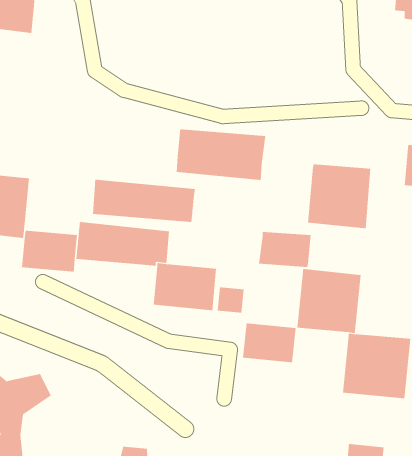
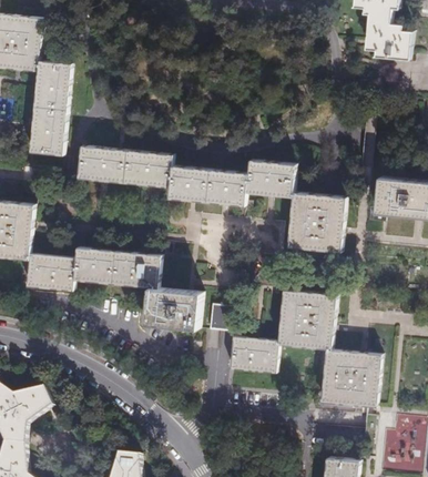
building: none -> [28,60,72,153]
building: [92,179,196,223] -> [77,146,172,186]
building: [258,231,311,268] -> [247,163,296,196]

